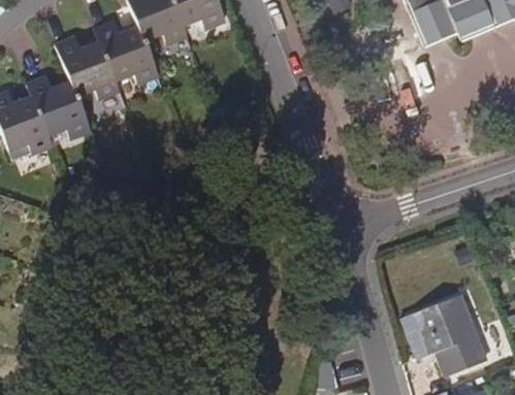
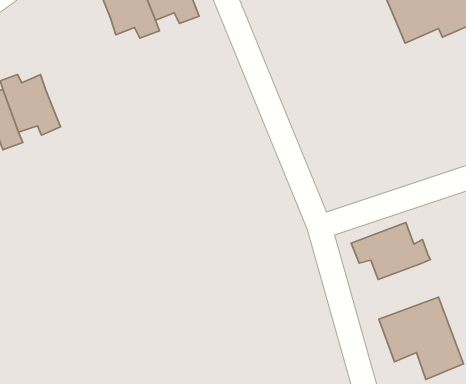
building: [96,21,156,80] -> none
building: [55,37,115,97] -> none
building: none -> [351,223,430,279]

